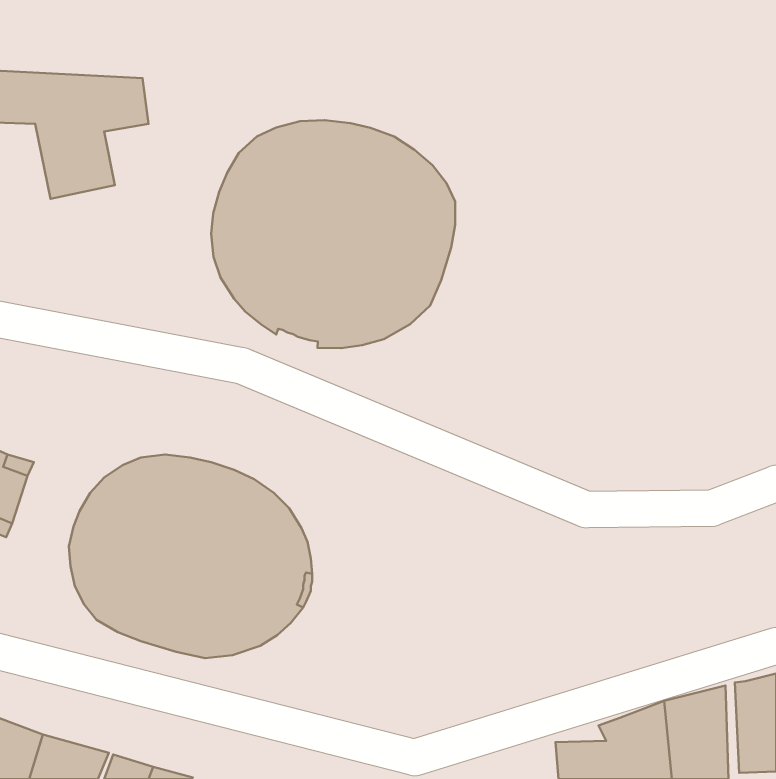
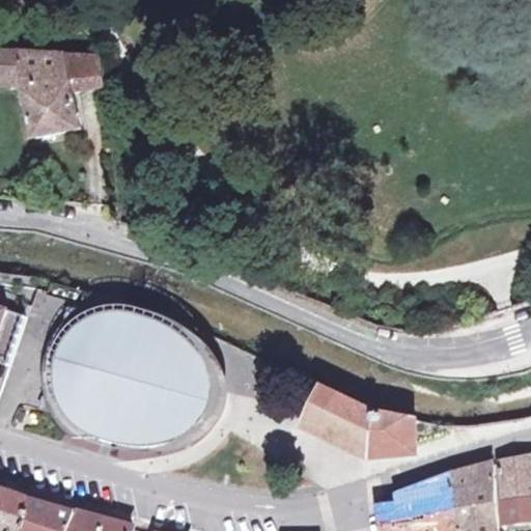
building: [211,120,455,348] -> none
building: none -> [304,388,404,450]

